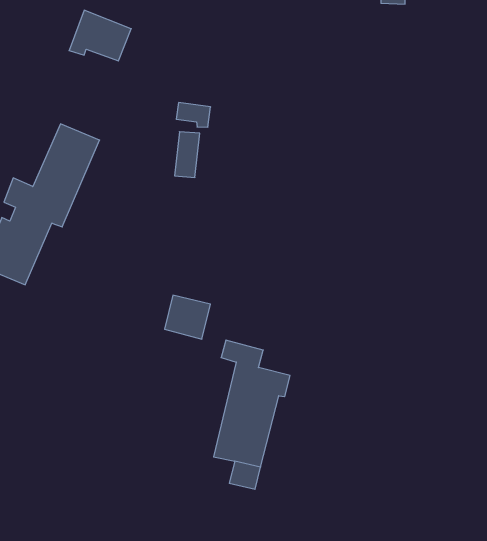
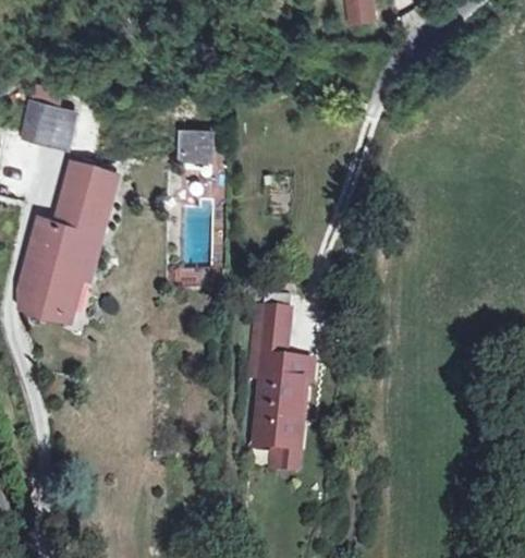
building: [69,10,131,61] -> [22,100,75,142]
building: [165,295,210,339] -> [252,307,290,343]

